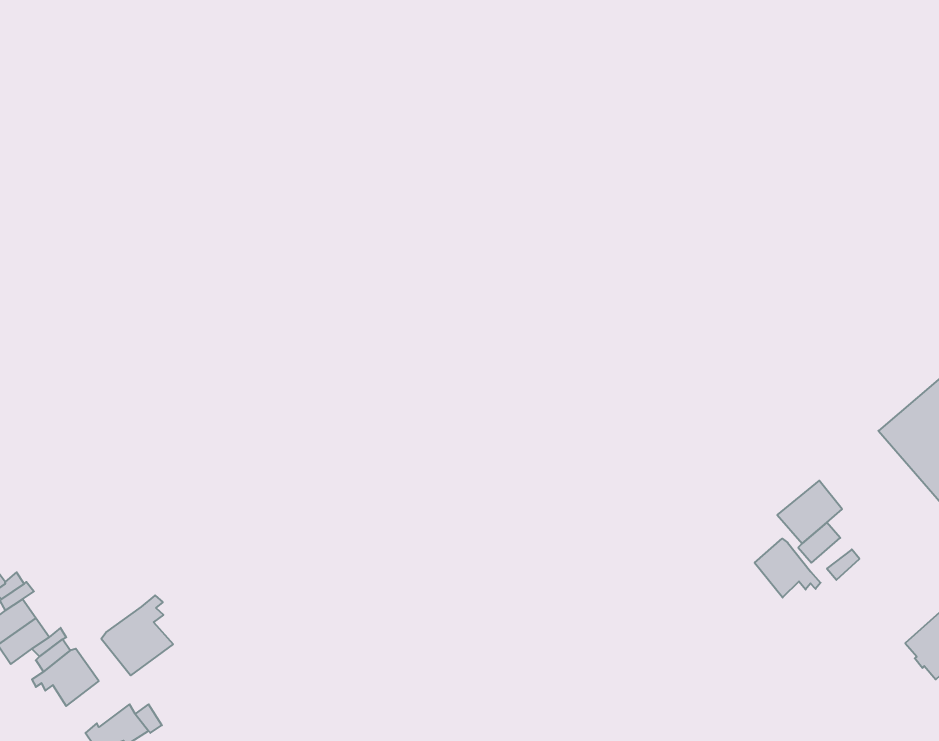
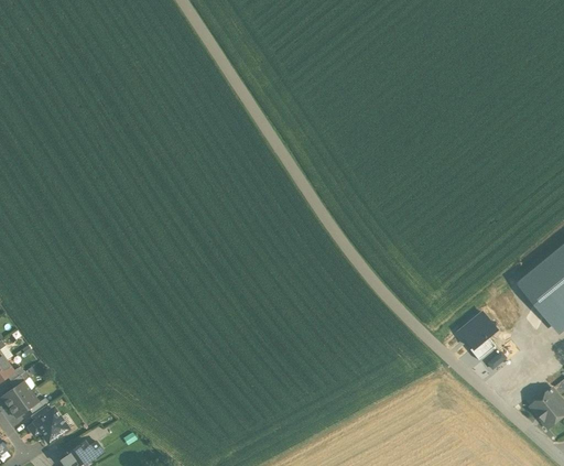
building: [755,539,821,598] -> none
building: [101,595,173,675] -> none

